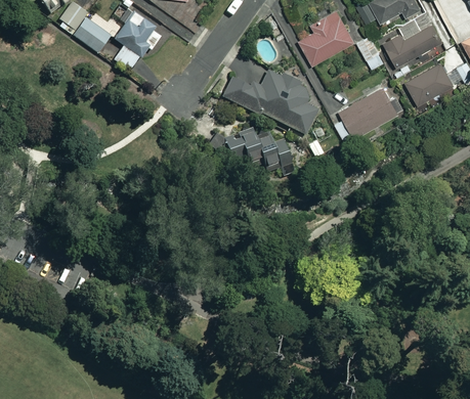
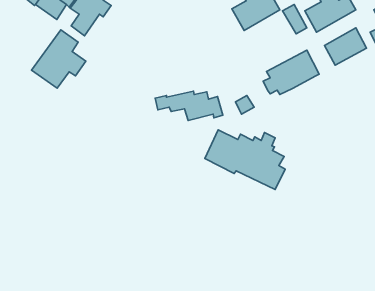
building: none -> [32,30,86,88]
building: [224,64,316,133] -> [205,130,285,190]

